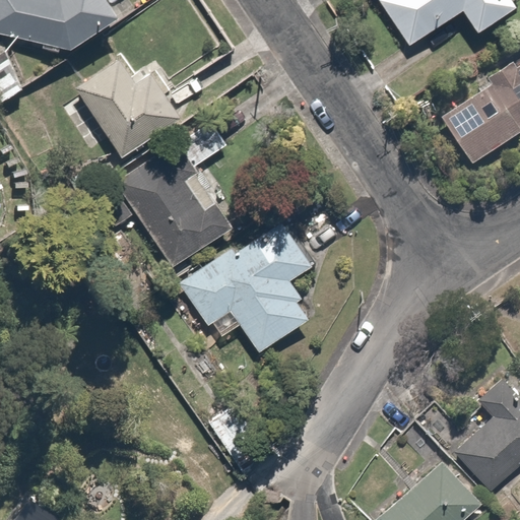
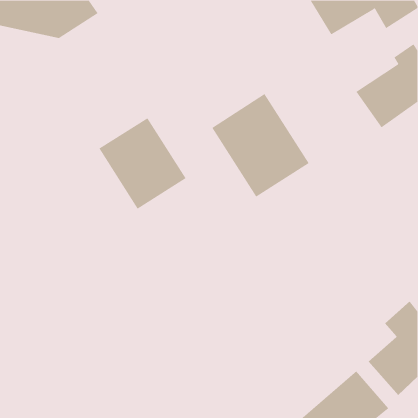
building: [76,60,179,154] -> none
building: none -> [211,93,309,198]
building: [178,223,315,358] -> none

